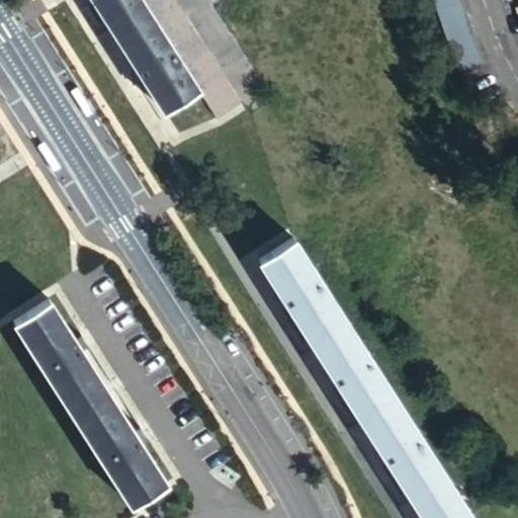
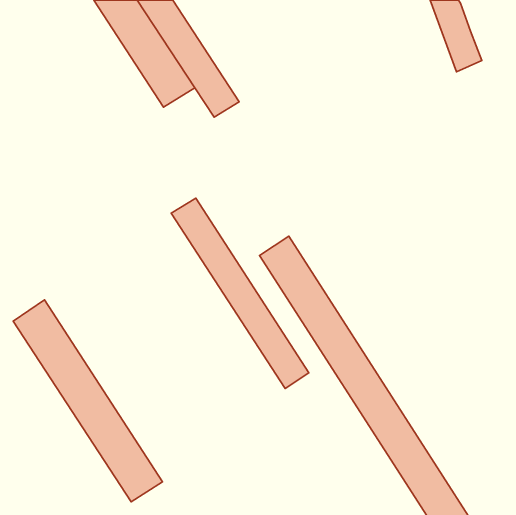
building: none -> [171,198,309,388]

